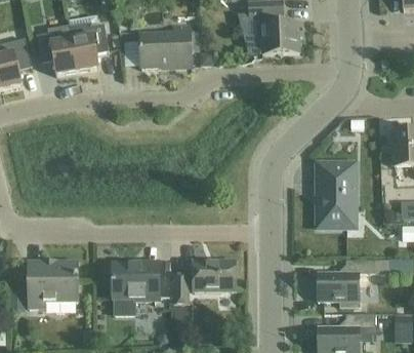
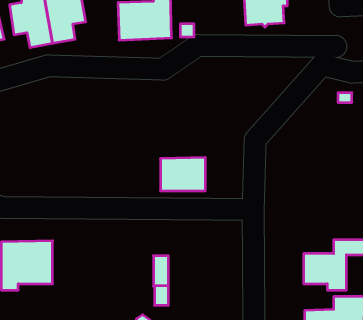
building: [317,163,355,228] -> none
building: [192,260,235,291] -> [160,157,205,191]
building: [112,261,159,312] -> none

